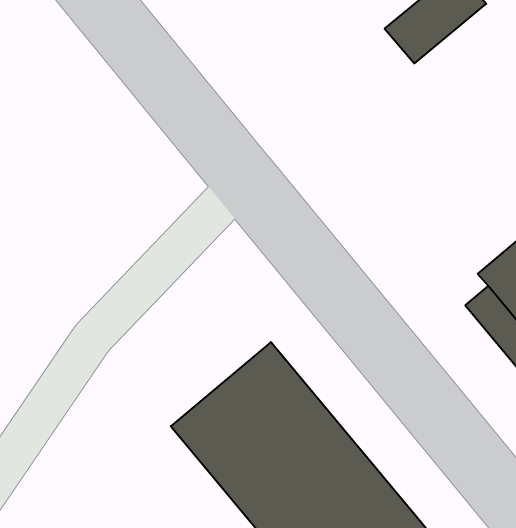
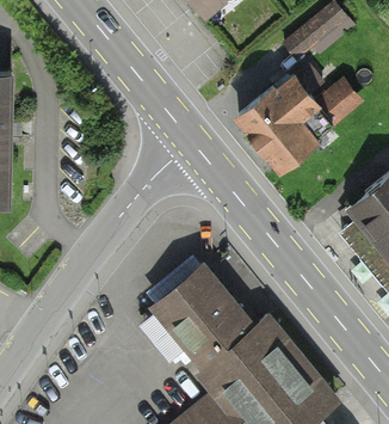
building: none -> [234,72,366,172]

